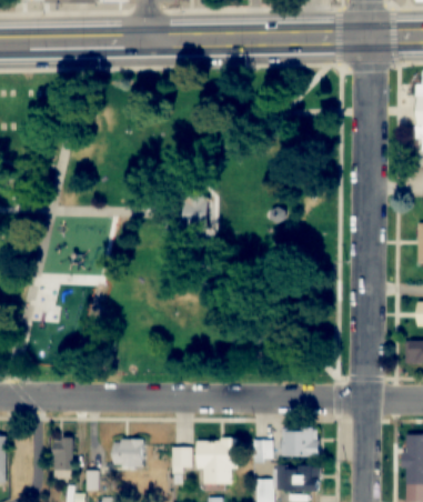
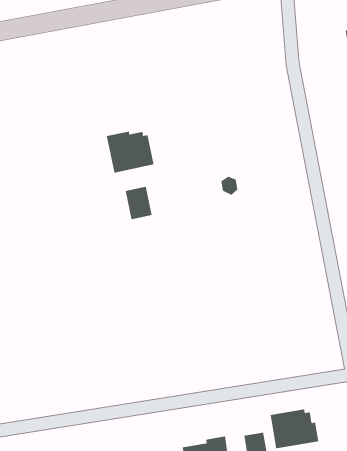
building: none -> [106,131,154,173]

